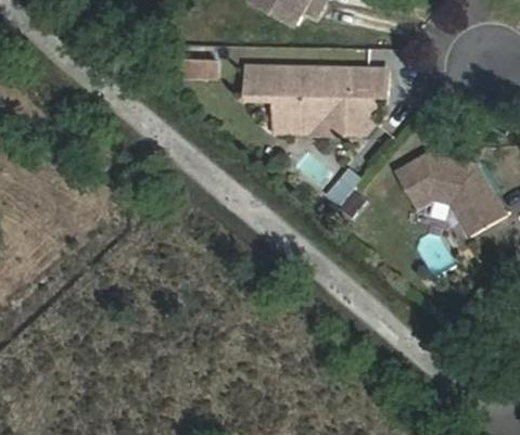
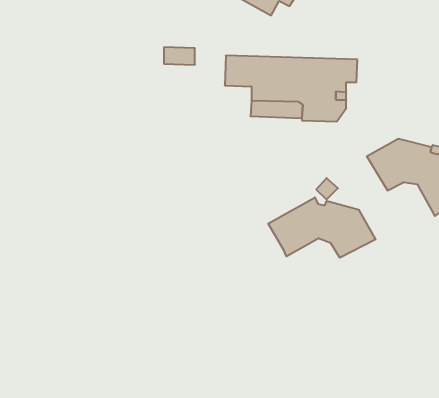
building: none -> [268,197,376,258]

